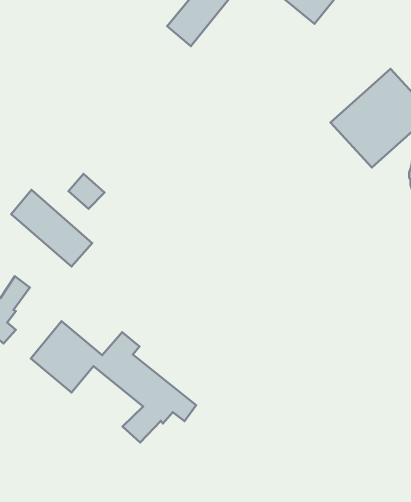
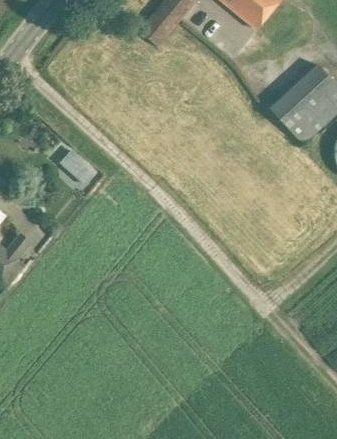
building: [11,190,92,266] -> none
building: [31,321,196,442] -> none

